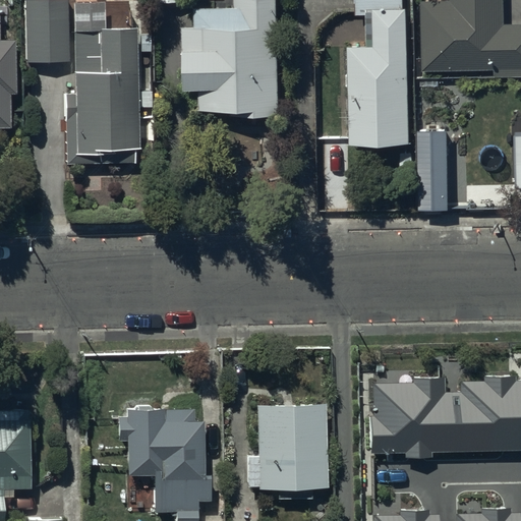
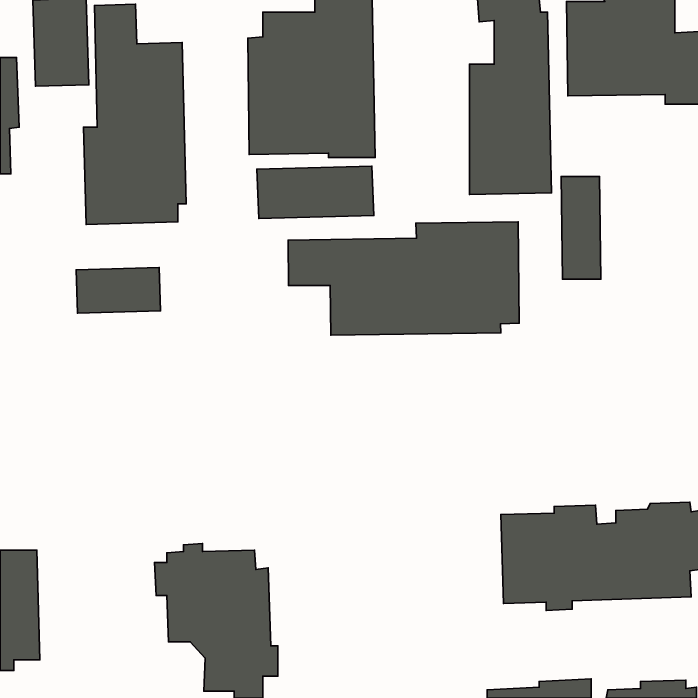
building: none -> [257,166,374,218]
building: none -> [288,222,519,335]
building: none -> [76,268,161,313]
building: [245,402,326,501] -> none

